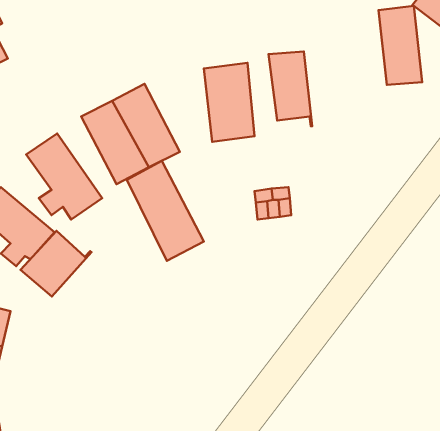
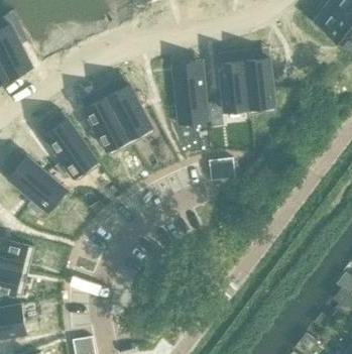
building: [379,6,422,85] -> [244,58,275,115]
building: [127,161,204,261] -> none
building: [20,231,92,297] -> none

